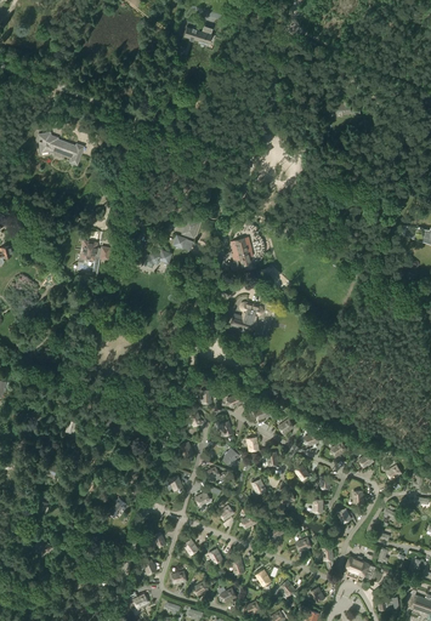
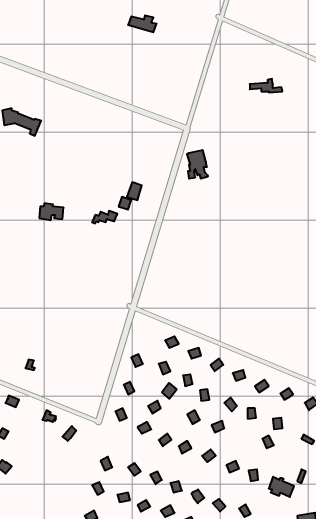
building: [229,237,254,269] -> [187,150,208,179]
building: [231,301,263,332] -> none

